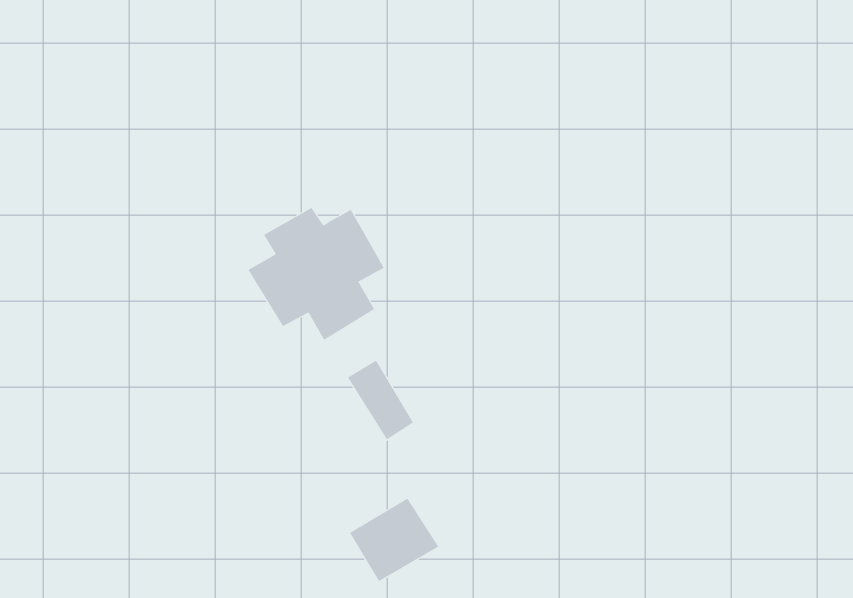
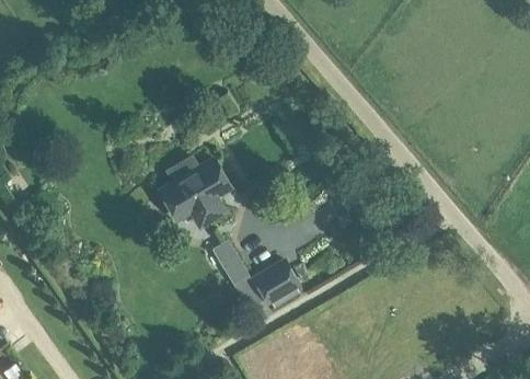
building: [349,498,439,582] -> [253,259,303,306]

